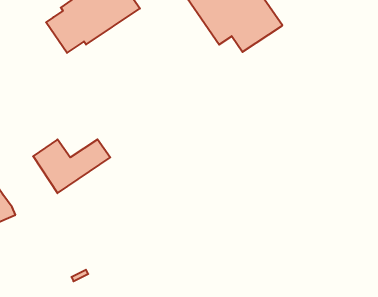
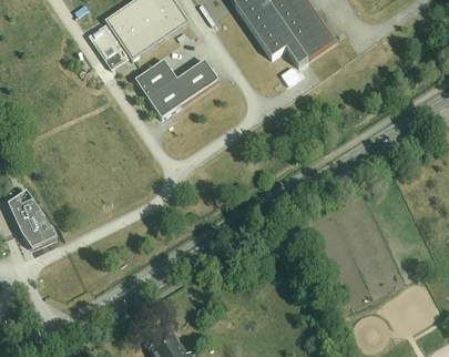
building: [33,139,110,193] -> [135,59,216,115]

